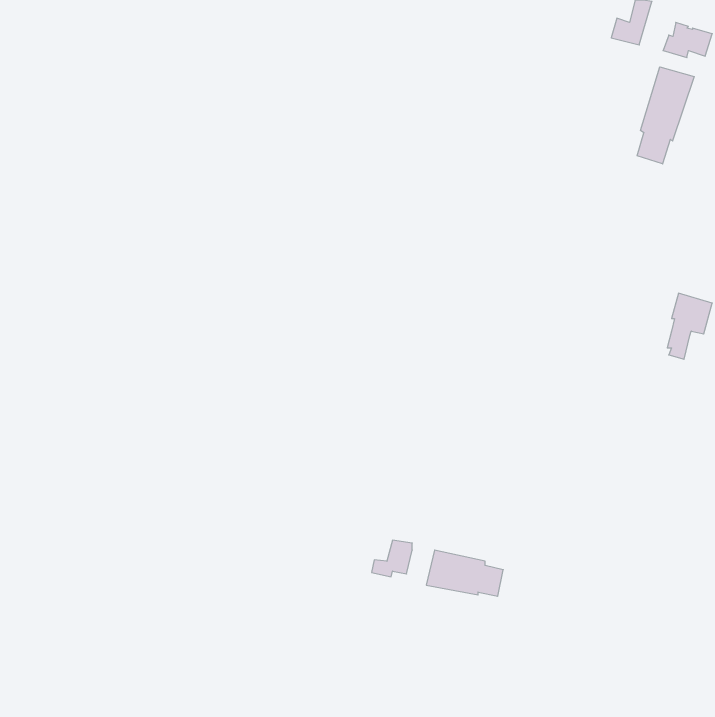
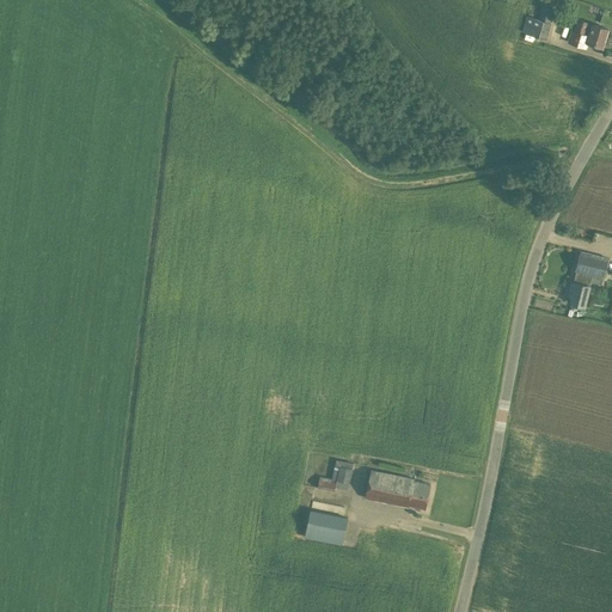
building: [637,67,694,164] -> none
building: none -> [304,510,347,545]

